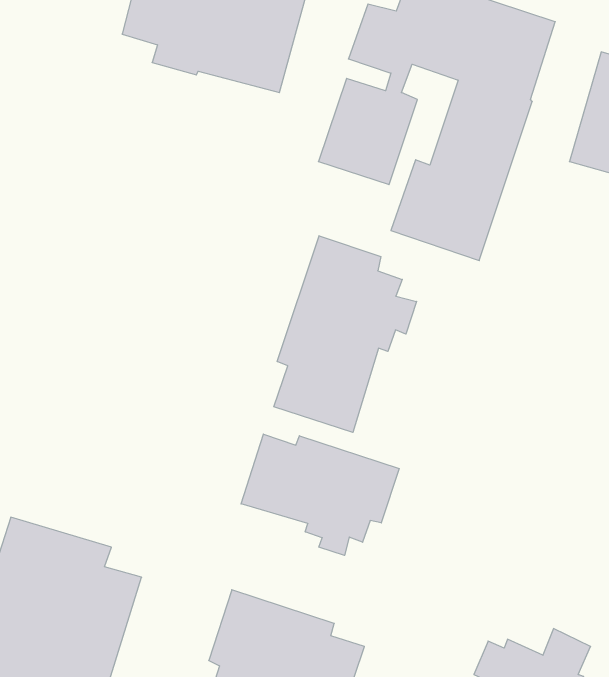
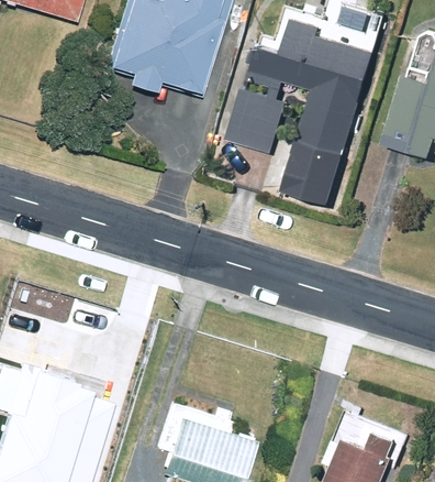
building: [274,236,417,432] -> none
building: [241,434,399,555] -> none

